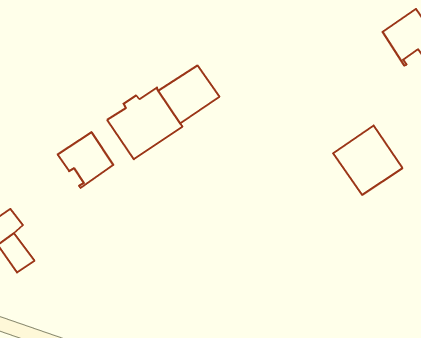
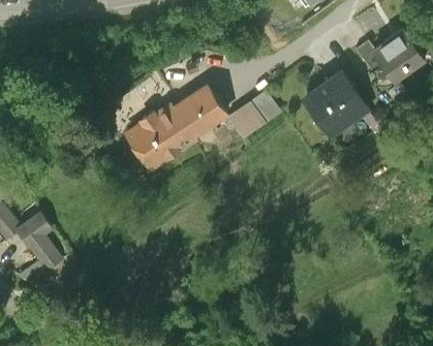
building: none -> [227,90,280,137]
building: [333,125,402,195] -> [304,74,366,136]
building: [58,132,113,188] -> none

